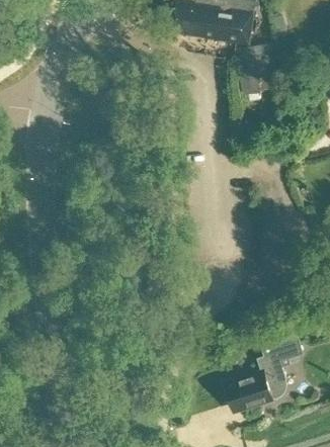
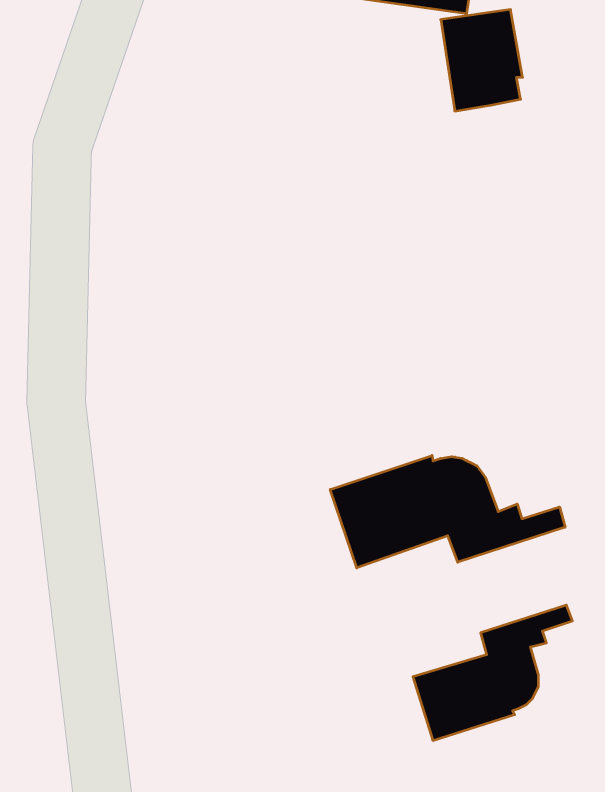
building: none -> [330,455,565,568]

